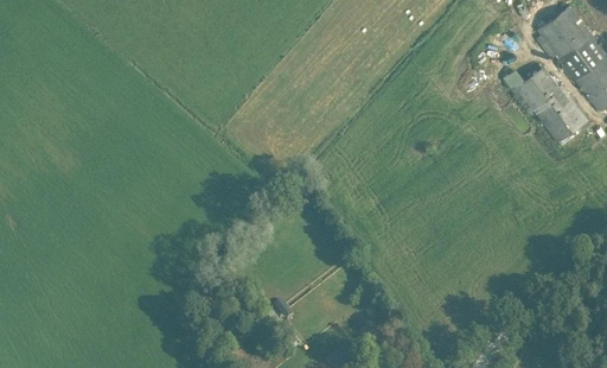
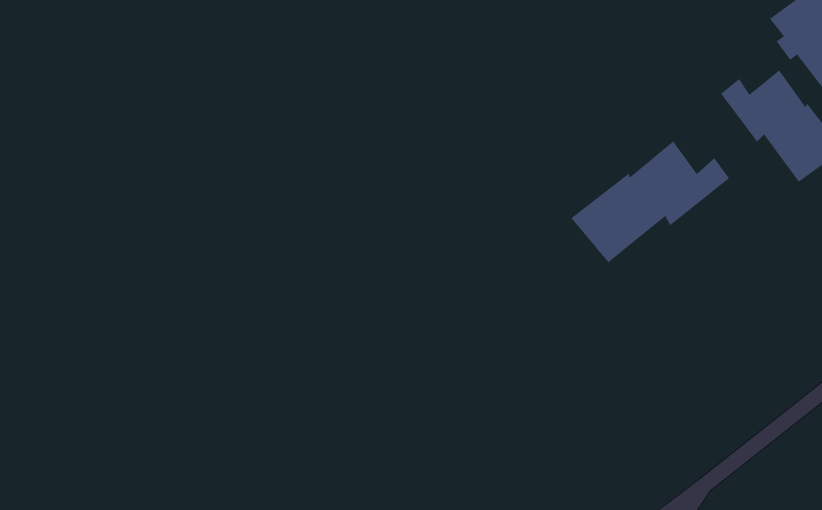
building: none -> [571,140,730,263]

